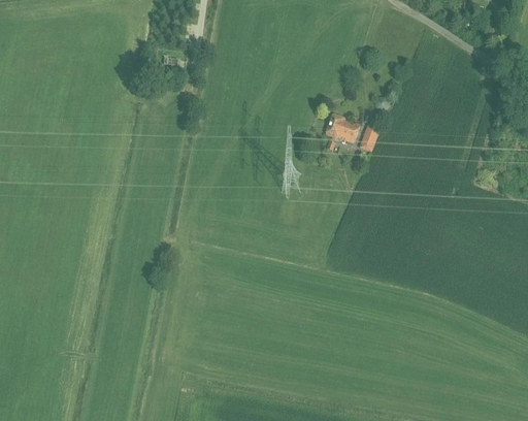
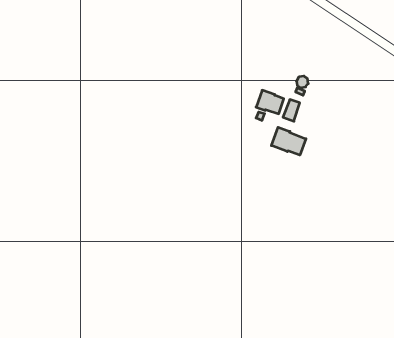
building: none -> [271,127,306,155]

